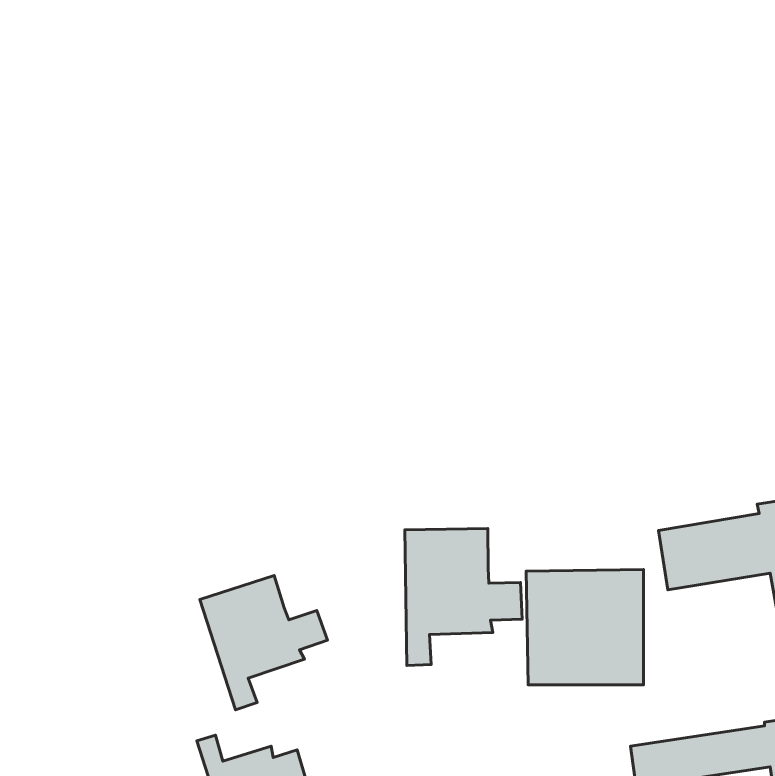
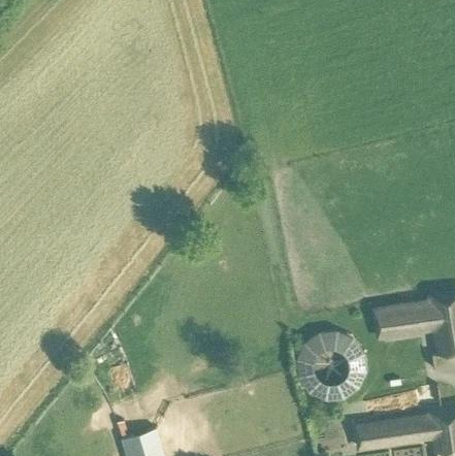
building: [405,529,522,665] -> none
building: [200,576,328,710] -> none

